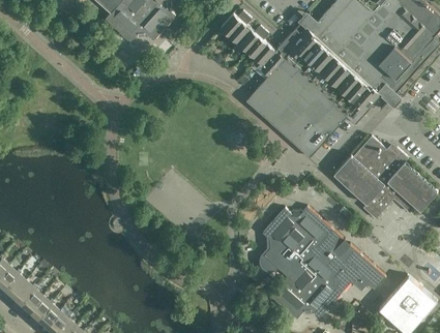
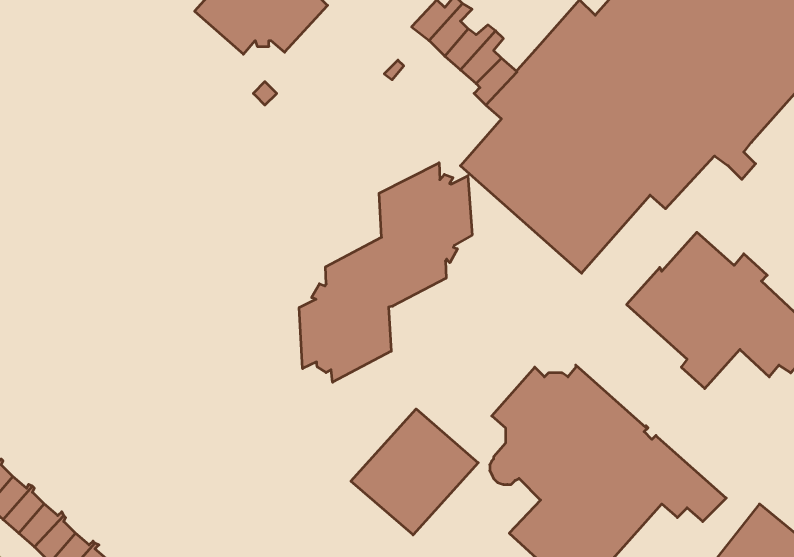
building: none -> [299,163,472,382]
building: none -> [351,409,478,535]

